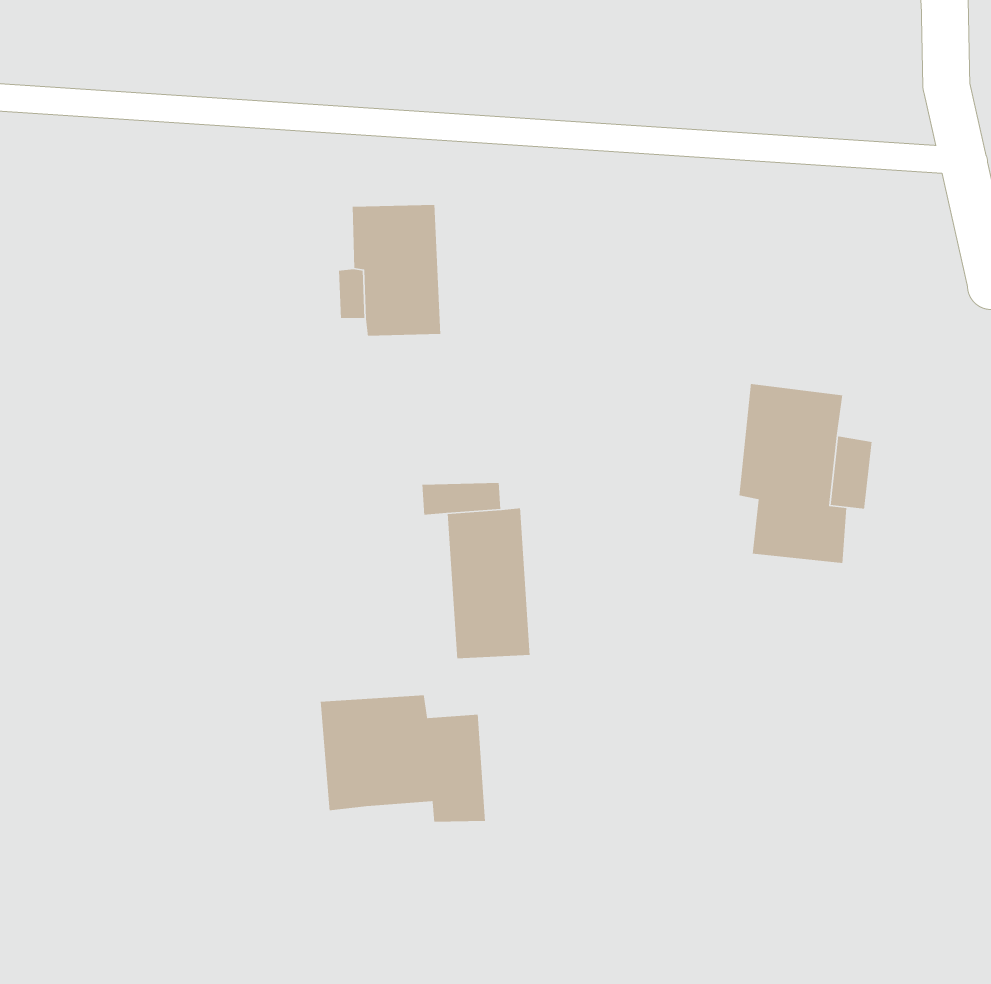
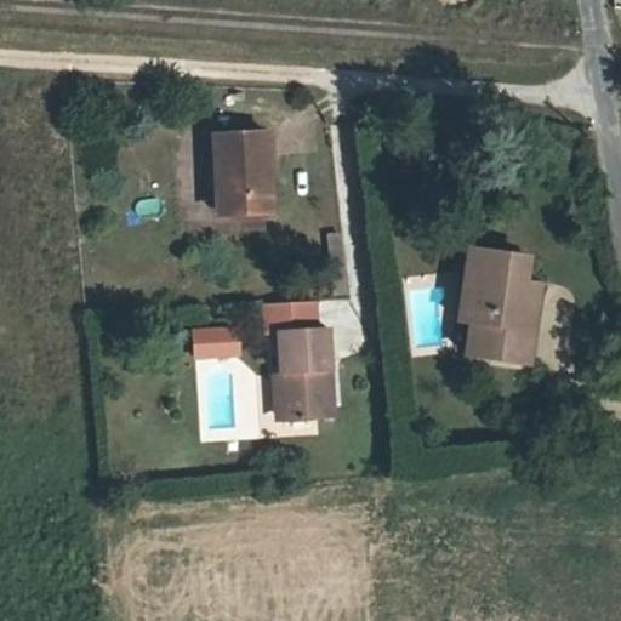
building: none -> [188,331,238,364]
building: [320,694,486,823] -> none

